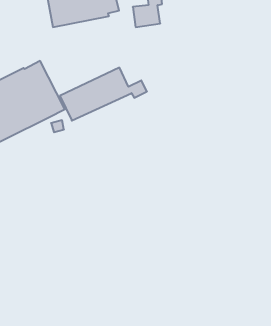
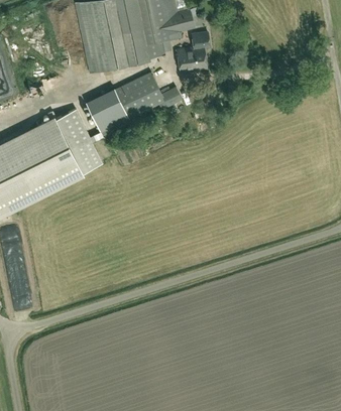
building: [60,68,147,121] -> [86,74,182,132]

